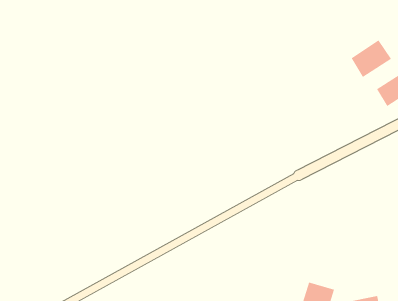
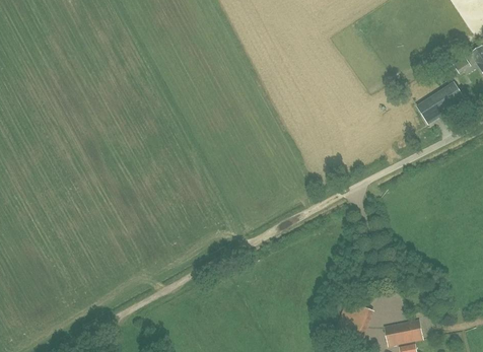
building: [351,40,392,78] -> none

